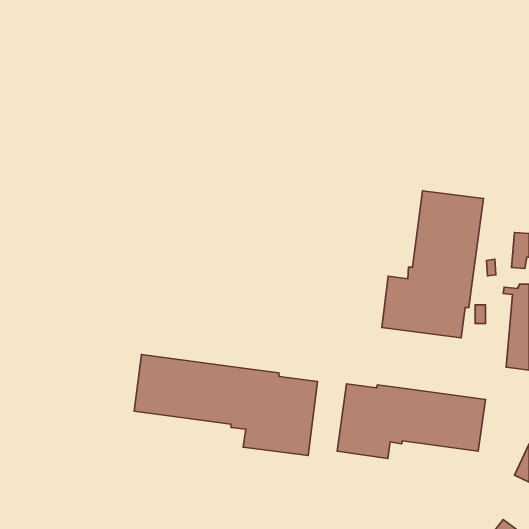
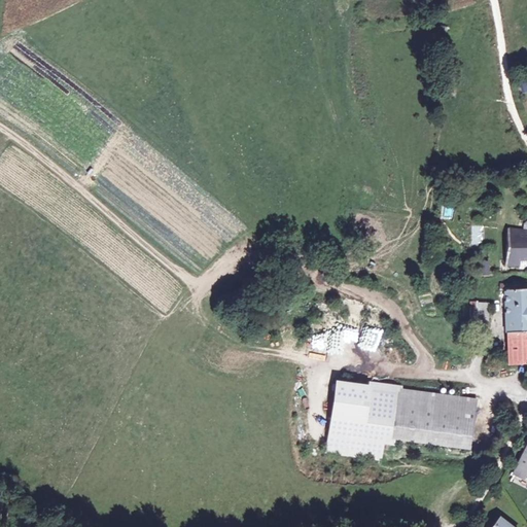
building: [382,191,483,338] -> none
building: [134,354,318,455] -> none

